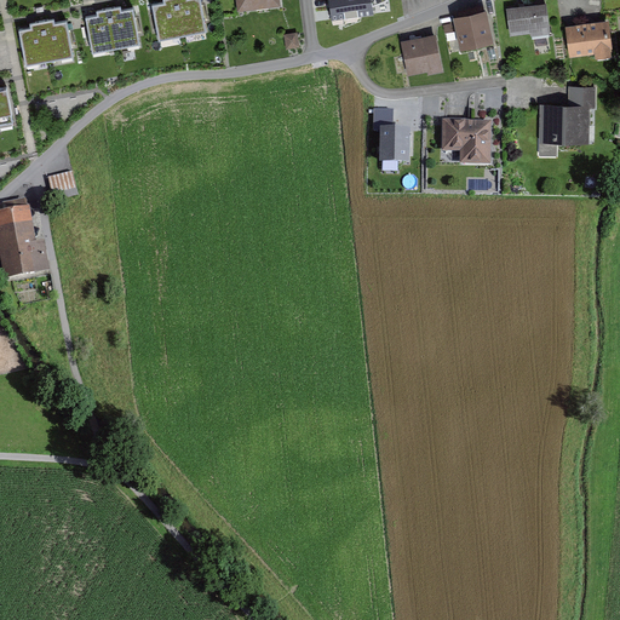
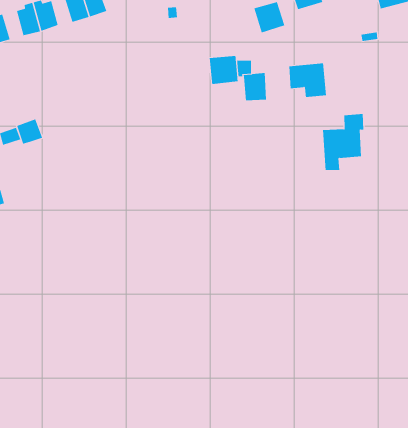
building: [538,86,596,159] -> [322,114,364,171]
building: none -> [209,55,238,85]
building: none -> [16,118,43,145]

